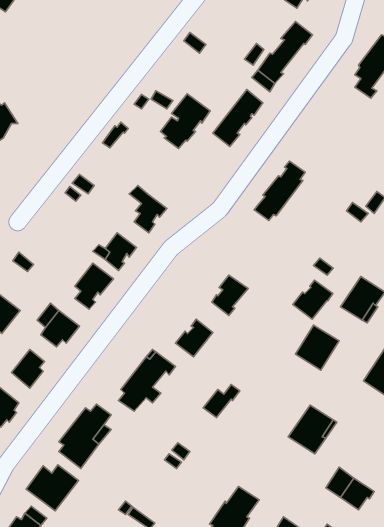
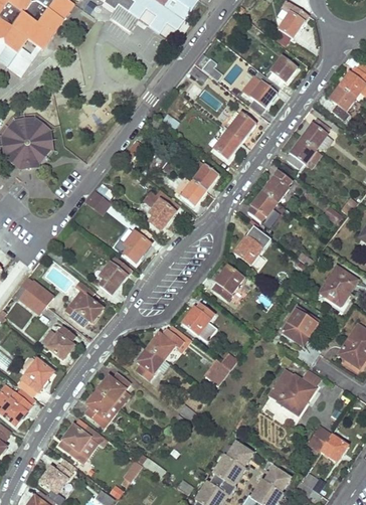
building: [160,94,210,149] -> [178,159,219,204]
building: none -> [287,117,331,167]
building: [293,280,333,319] -> [234,231,267,264]

